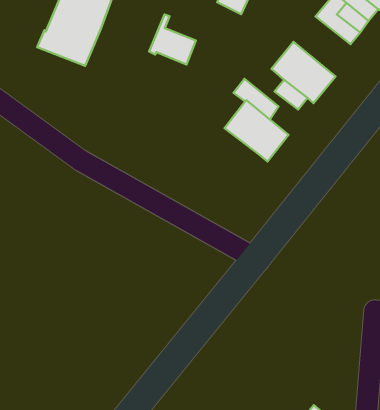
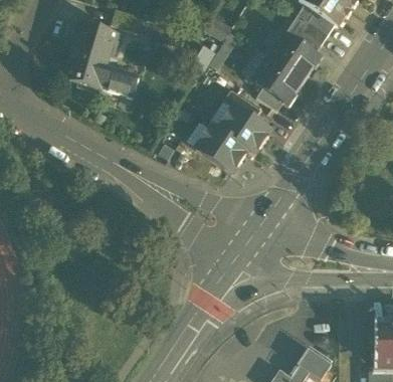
building: [149,14,196,65] -> [102,56,139,96]
building: none -> [268,31,320,79]
building: none -> [196,124,248,172]

